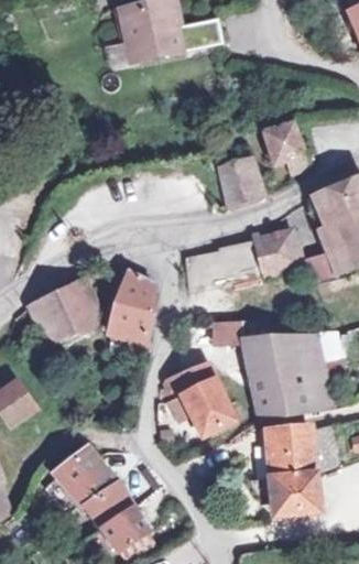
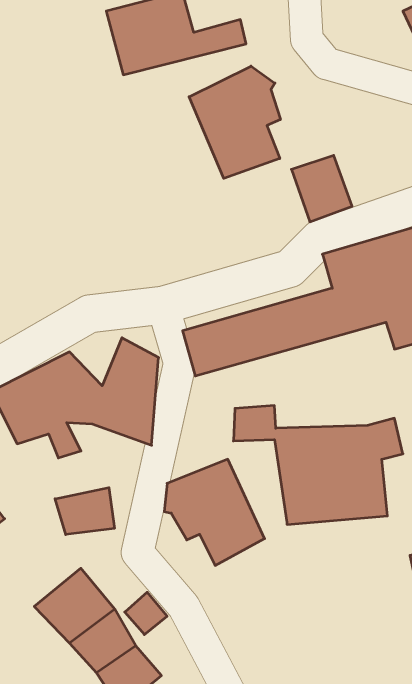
building: none -> [189,66,280,178]
building: [208,151,261,203] -> none
building: none -> [55,488,114,535]
building: [264,435,329,530] -> none

